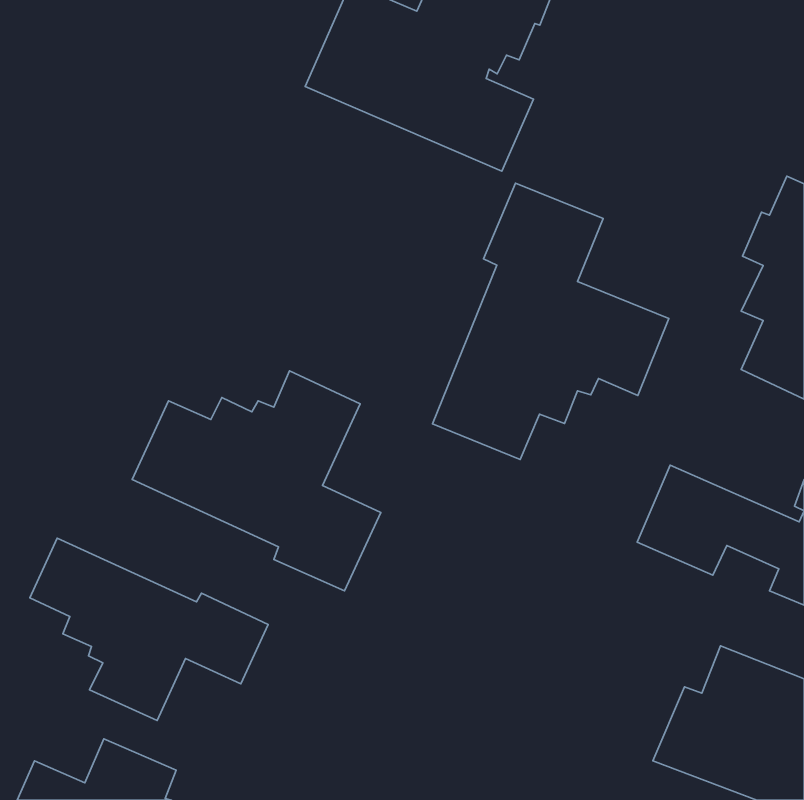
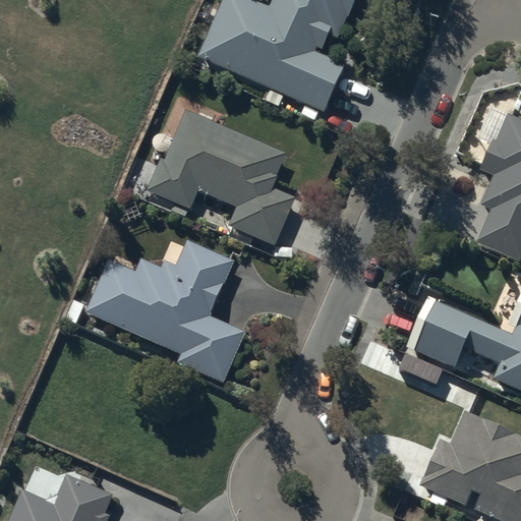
building: none -> [149,110,294,243]
building: [433,183,669,460] -> none
building: [30,538,268,720] -> none

